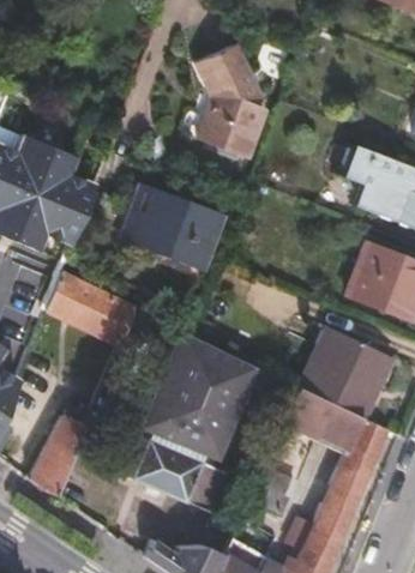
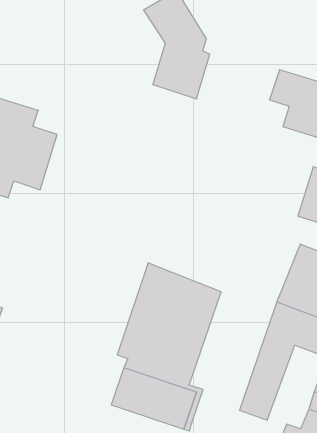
building: [126,187,222,272] -> none
building: [42,271,134,348] -> none
building: [28,410,84,495] -> none

